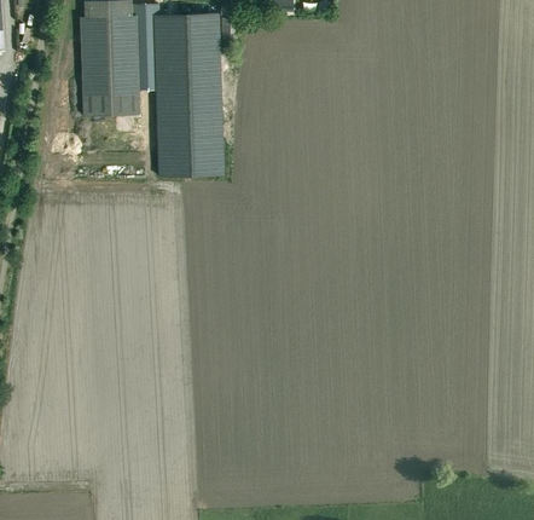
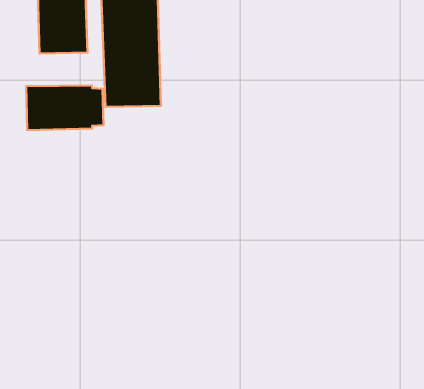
building: none -> [26,85,103,130]

